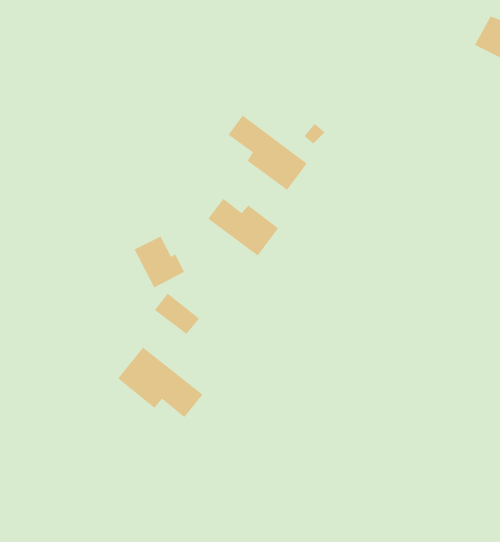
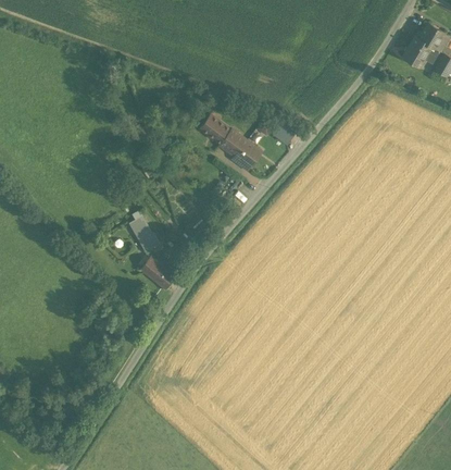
building: [207,198,279,257] -> none
building: [117,346,204,418] -> none

